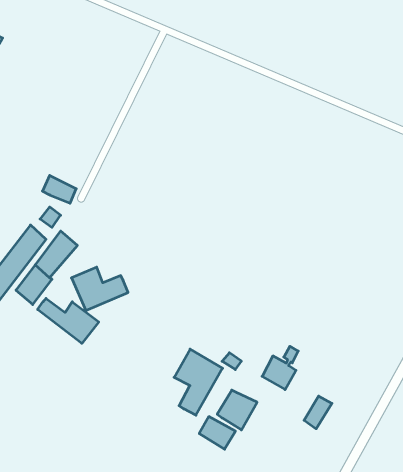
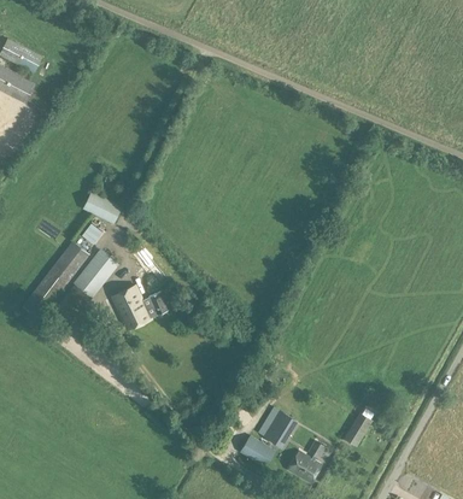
building: [38,298,99,343] -> none
building: [262,346,298,390] -> [287,440,323,483]
building: [174,349,223,415] -> none

